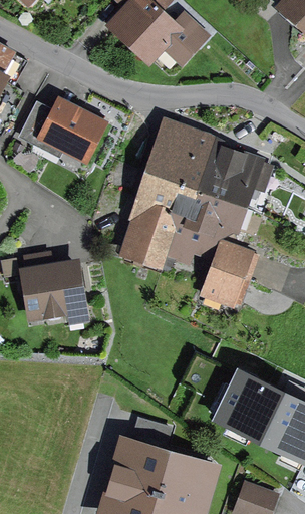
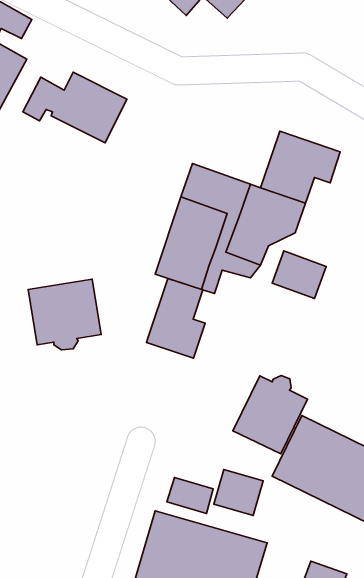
building: [152,124,220,192] -> none
building: none -> [146,278,205,358]
building: [206,266,248,303] -> none
building: none -> [233,375,308,454]
building: none -> [214,469,263,516]

